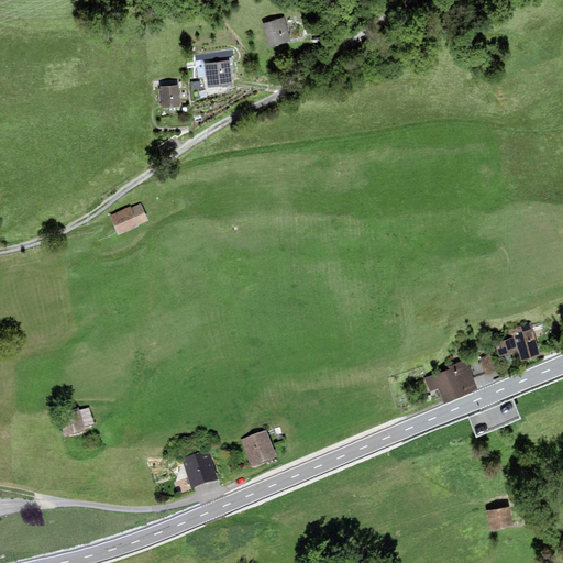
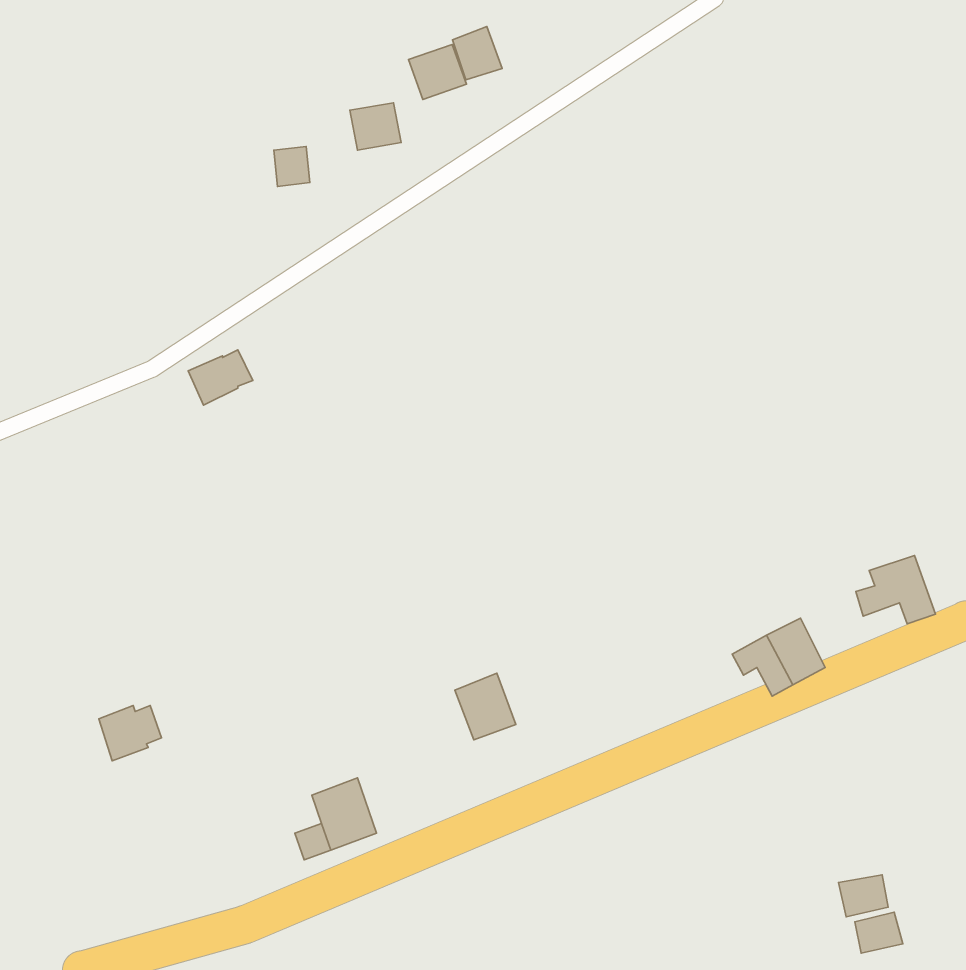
building: none -> [409,45,466,99]
building: [241,431,276,470] -> [455,673,516,740]
building: none -> [855,912,903,953]

